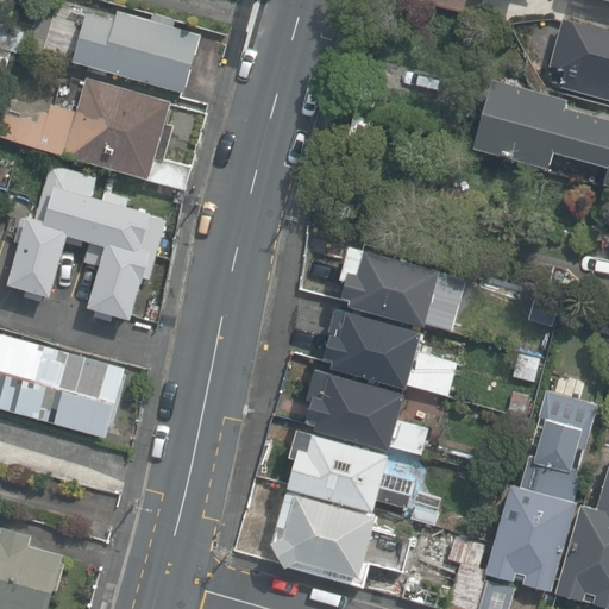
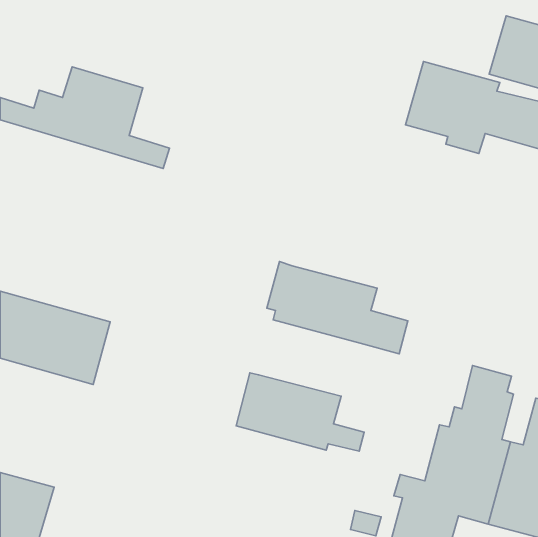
building: [77,18,203,98] -> none
building: [11,163,156,318] -> none
building: [320,234,464,334] -> none
building: [287,362,420,457] -> none
building: [250,483,417,585] -> none

